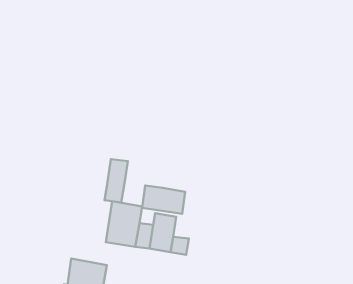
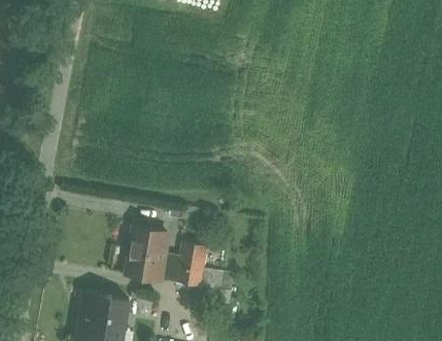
building: [105,159,128,202] -> none
building: [142,186,185,214] -> none

